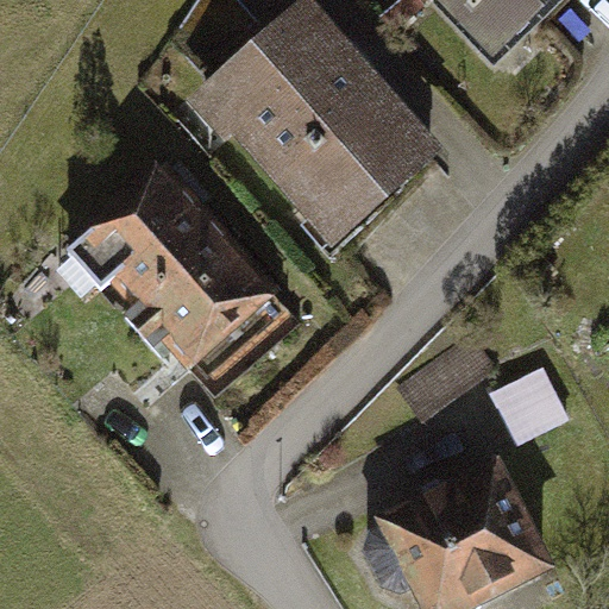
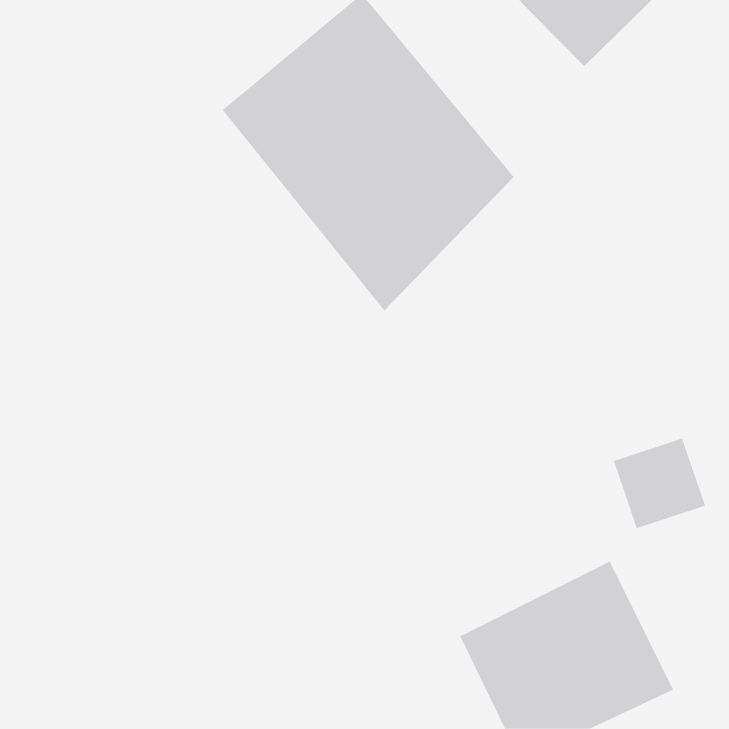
building: [57,157,291,391] -> none

